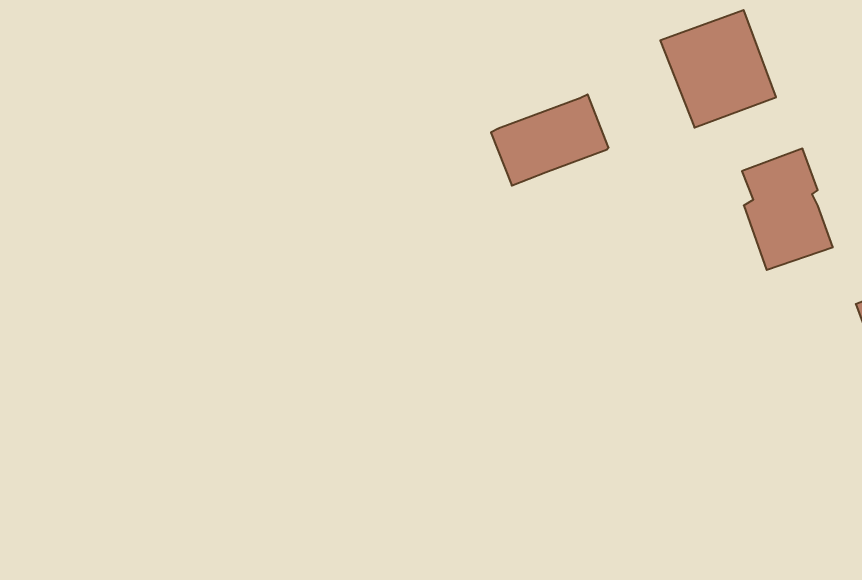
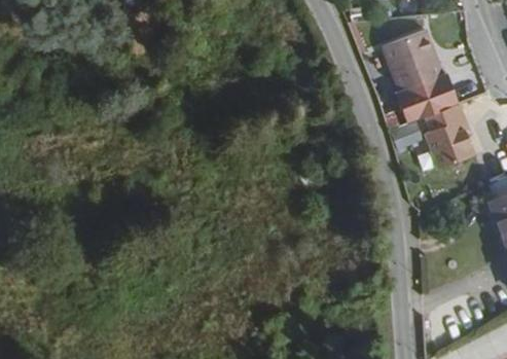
building: [491,94,609,186] -> [393,68,457,117]

